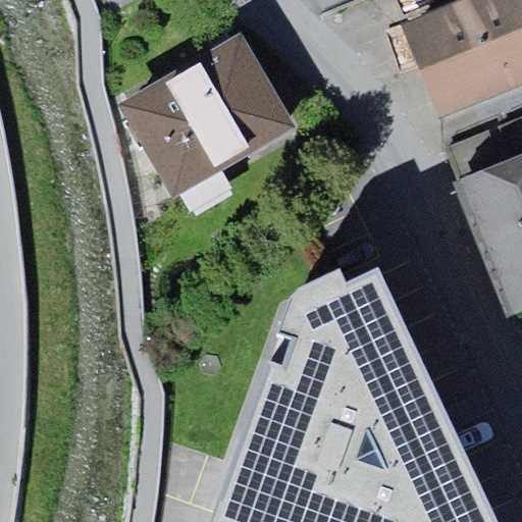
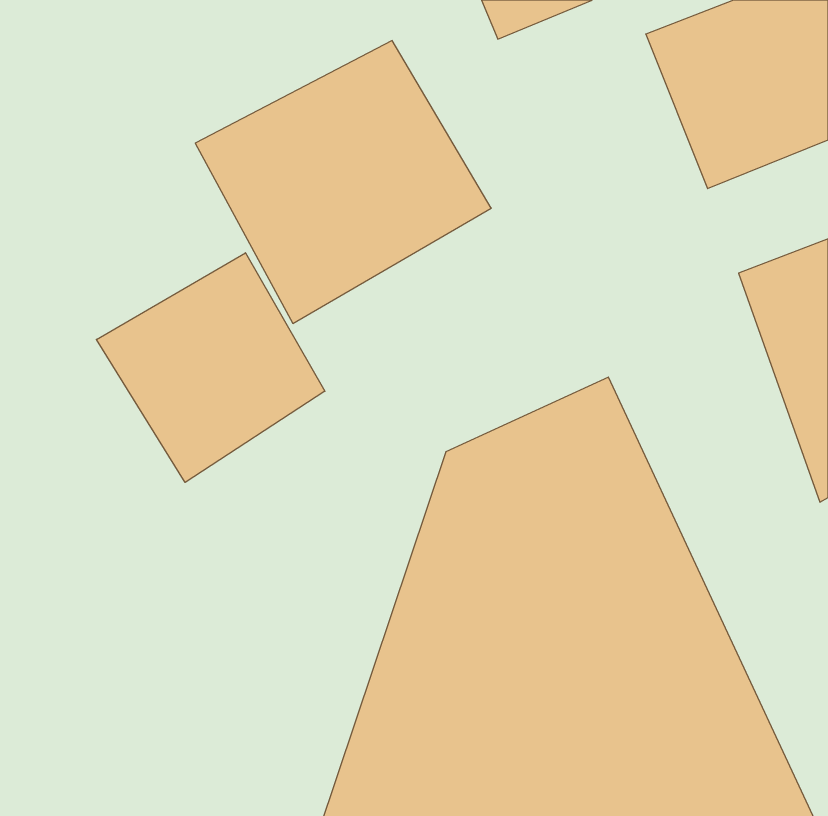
building: none -> [96,253,325,482]

